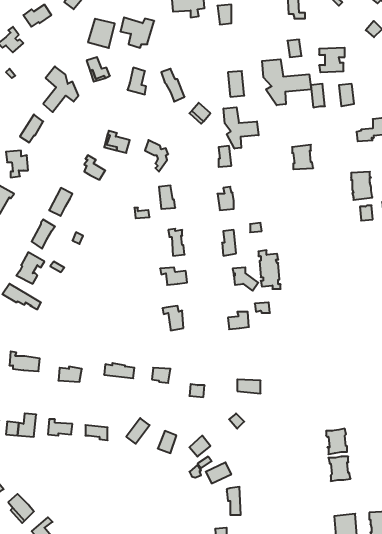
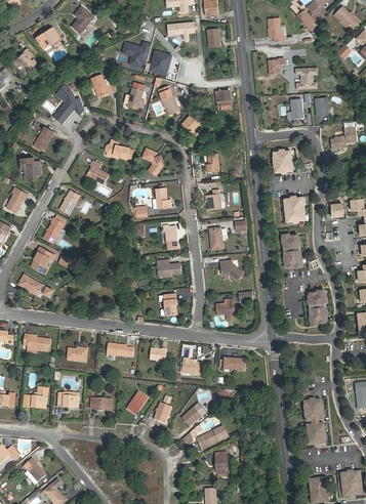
building: [88,19,115,48] -> [149,49,172,75]
building: [262,59,311,105] -> none
building: [224,107,259,149] -> none
building: [351,172,372,200] -> [284,199,302,223]
building: [258,250,281,289] -> [281,235,300,268]
building: none -> [307,291,325,327]

